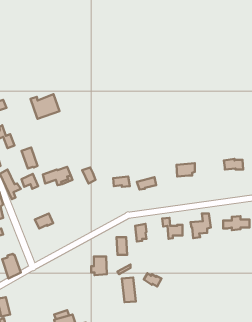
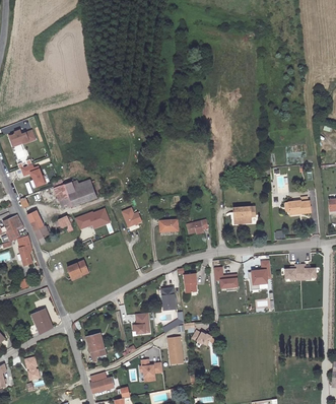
building: [31,94,60,119] -> [64,180,97,208]
building: none -> [86,332,107,362]
building: none -> [139,358,162,381]

